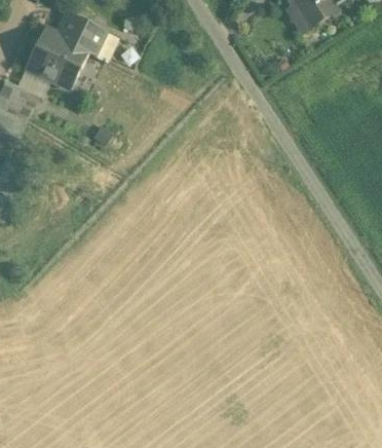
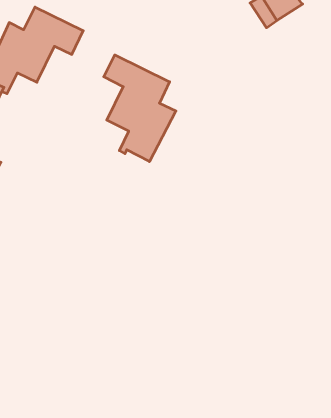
building: none -> [104,55,176,162]

